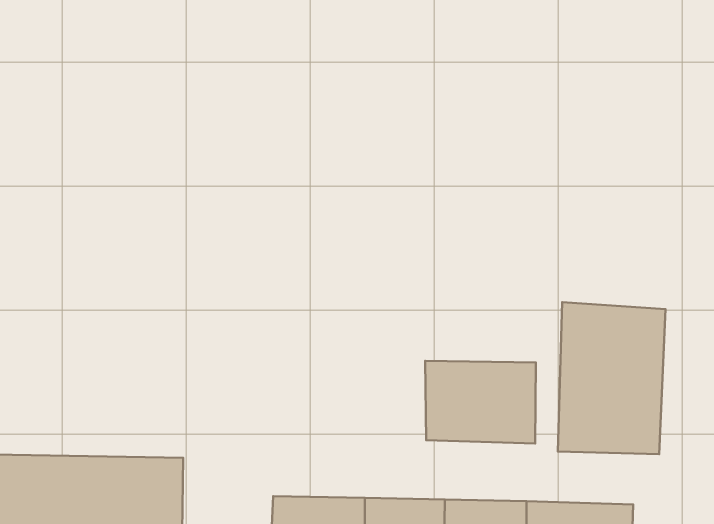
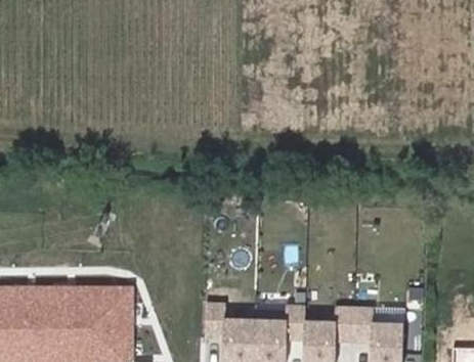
building: [558,302,665,454] -> none
building: [425,361,536,443] -> none

